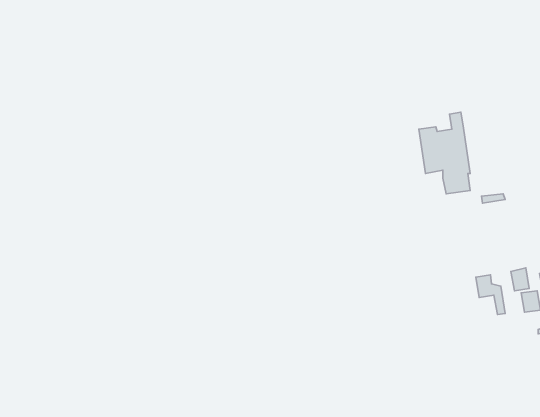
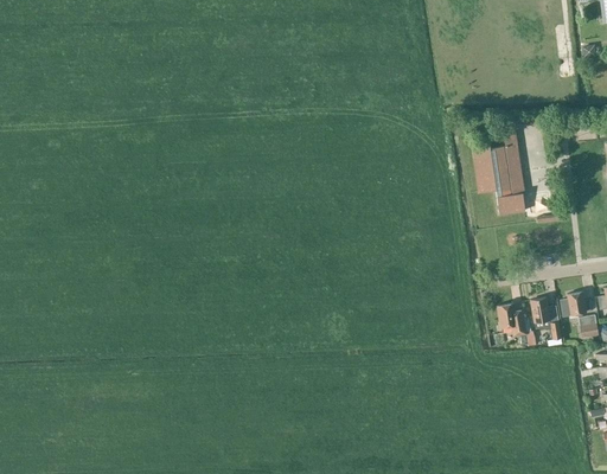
building: none -> [498,303,528,338]

